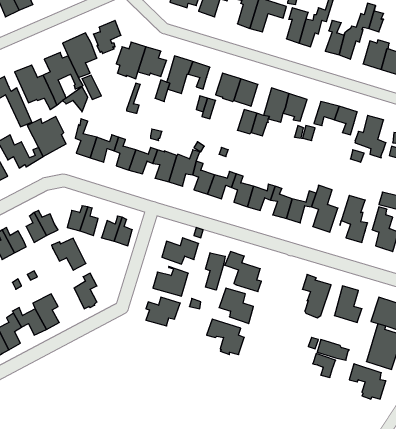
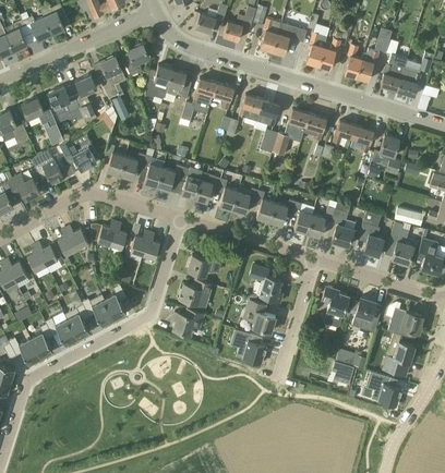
building: [52,238,86,270] -> [81,295,113,326]
building: [205,253,225,290] -> none

